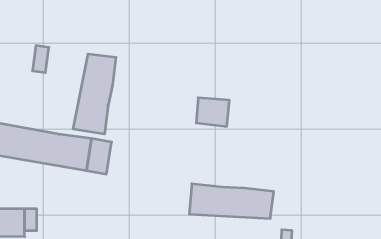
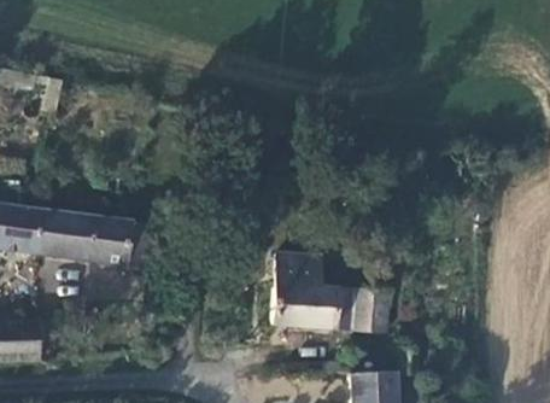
building: [73,54,116,134] -> none
building: [196,98,229,126] -> [273,251,318,291]

